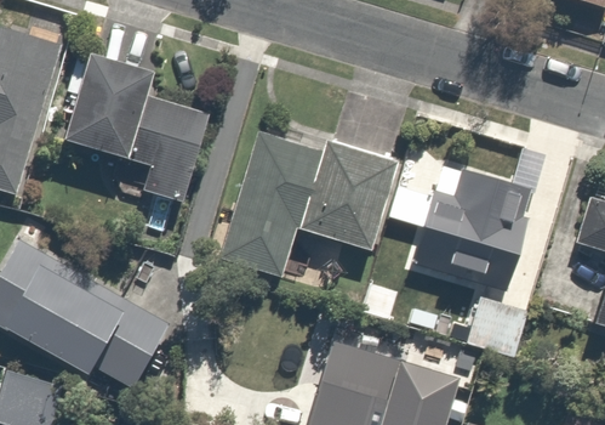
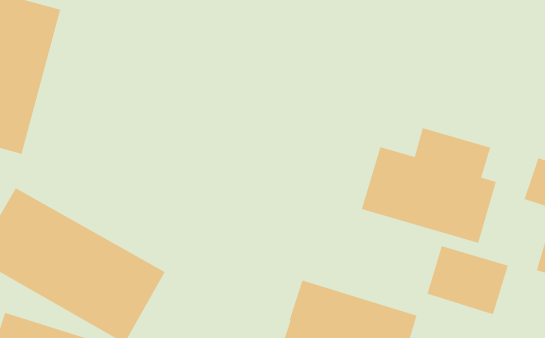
building: [64,56,215,208] -> none
building: [206,129,394,268] -> none

